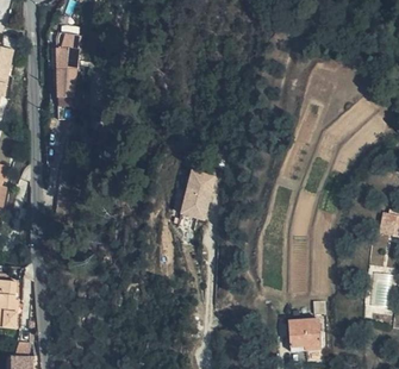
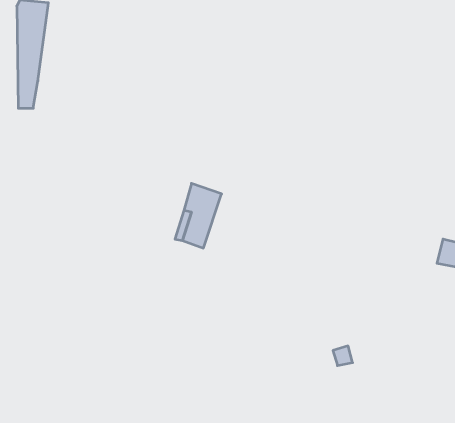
building: [283,321,318,356] -> none

